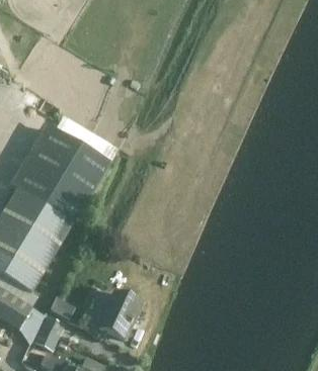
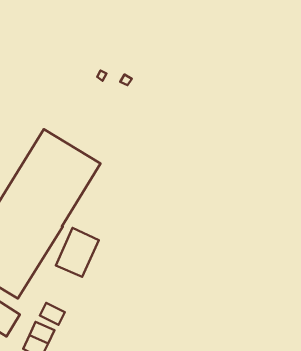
building: [99,289,141,337] -> [56,228,99,277]

